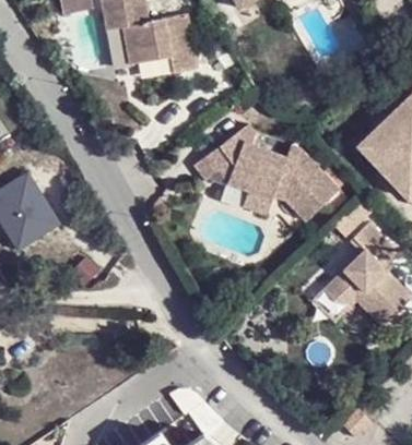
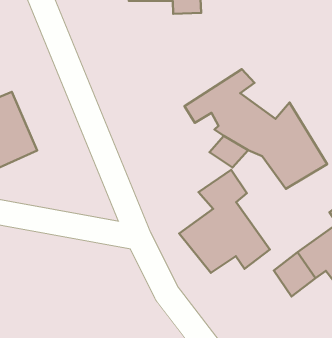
building: none -> [179,170,270,273]

